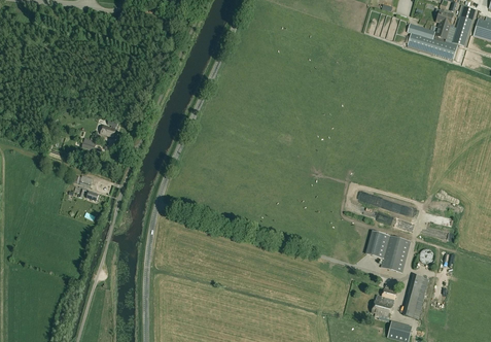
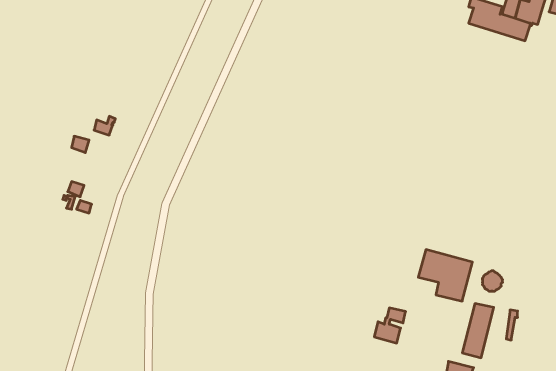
building: [372,287,397,316] -> [374,308,406,343]

